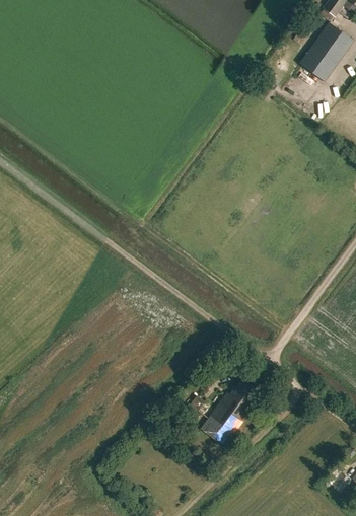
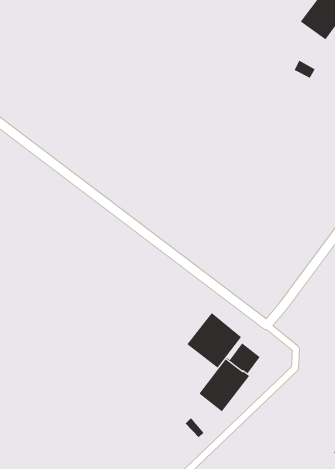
building: none -> [186,312,242,368]

